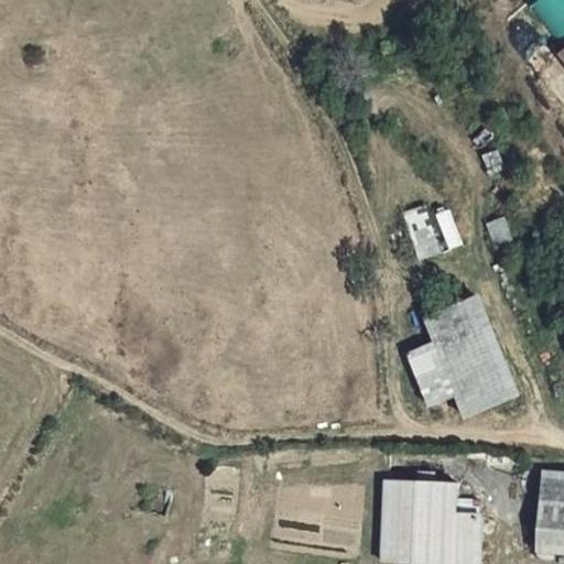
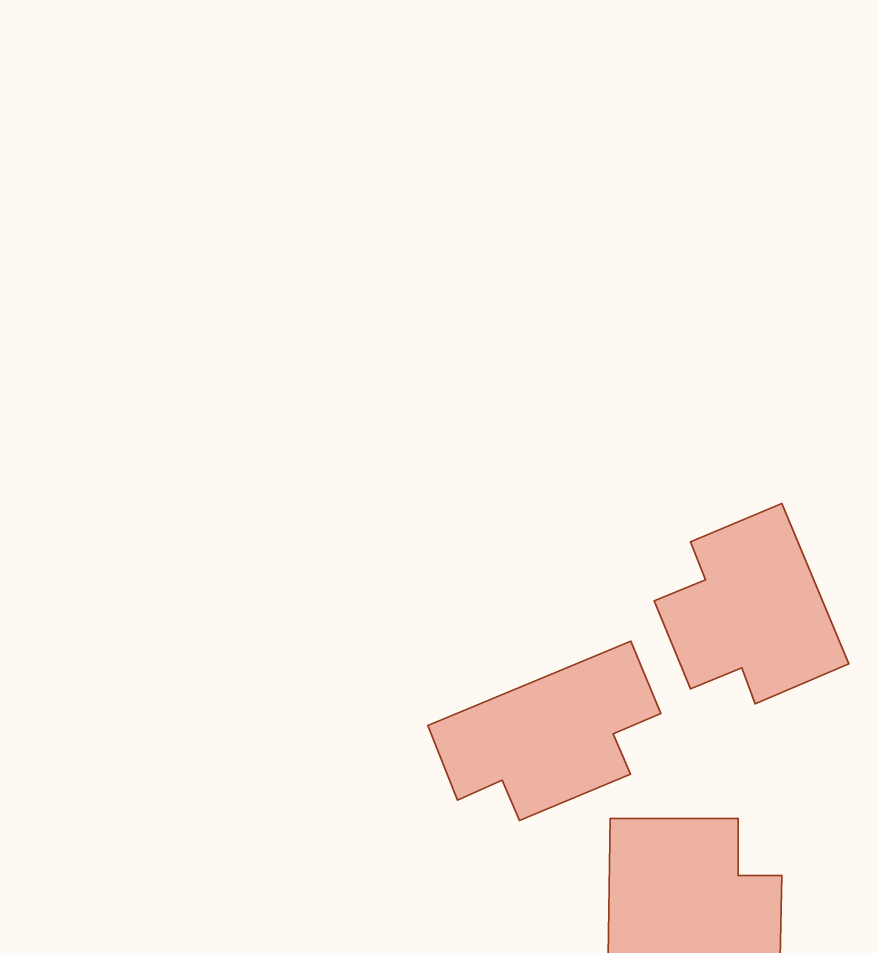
building: none -> [428,641,661,821]

